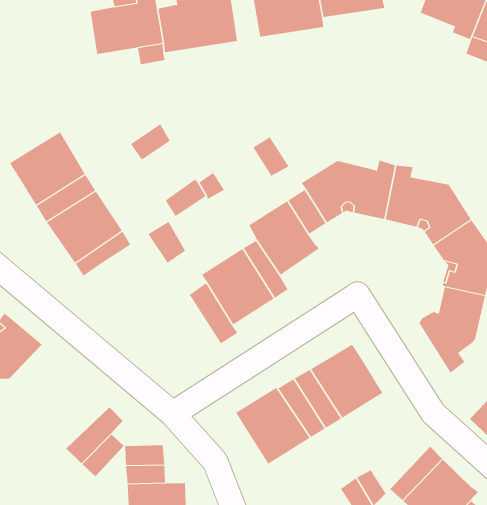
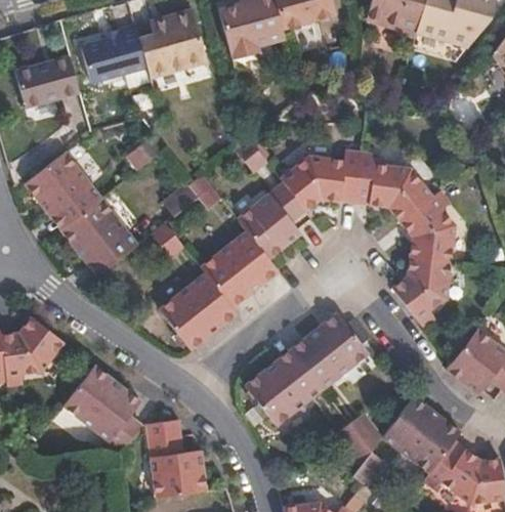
building: none -> [15,55,80,110]
building: none -> [160,284,222,348]
building: none -> [66,360,131,427]

